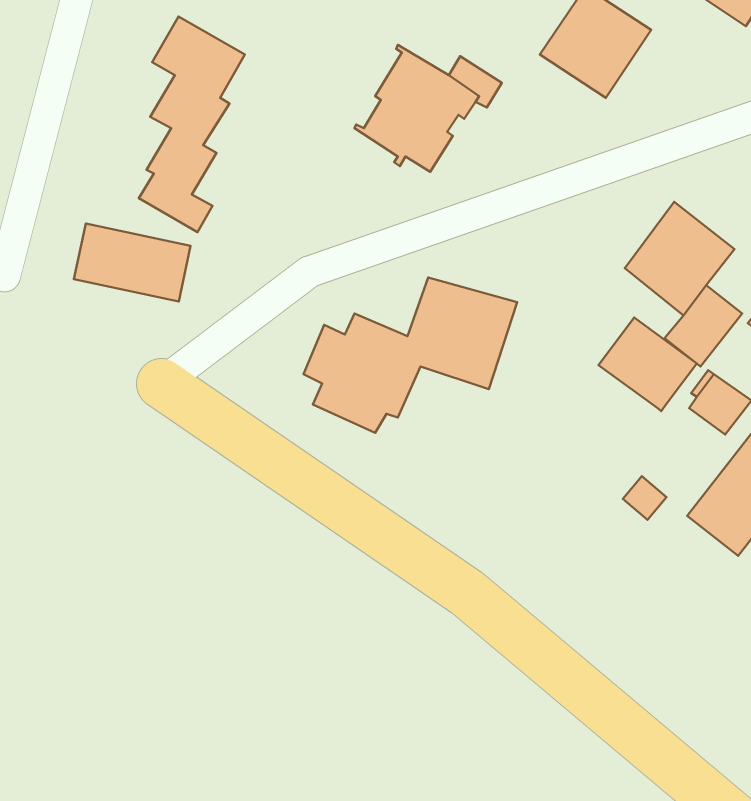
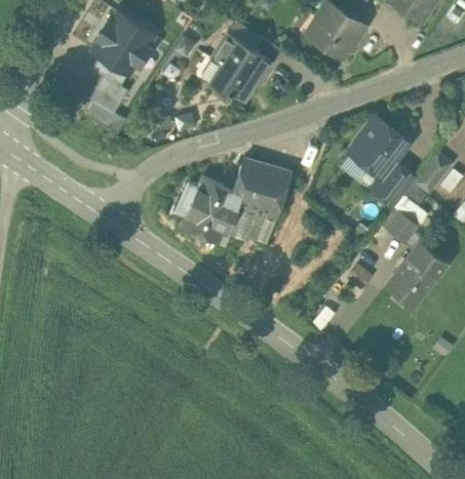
building: [74,223,191,301] -> none
building: [599,318,697,411] -> none
building: none -> [227,205,276,242]

